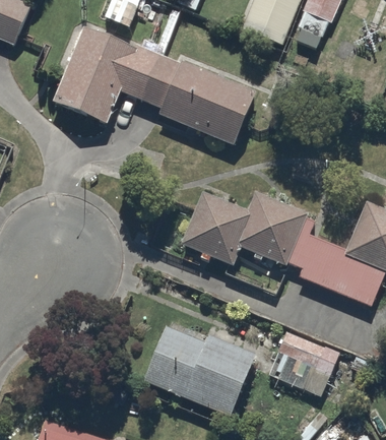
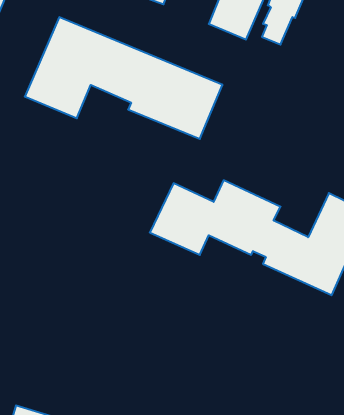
building: [143,326,255,415] -> none
building: [271,329,337,393] -> none

